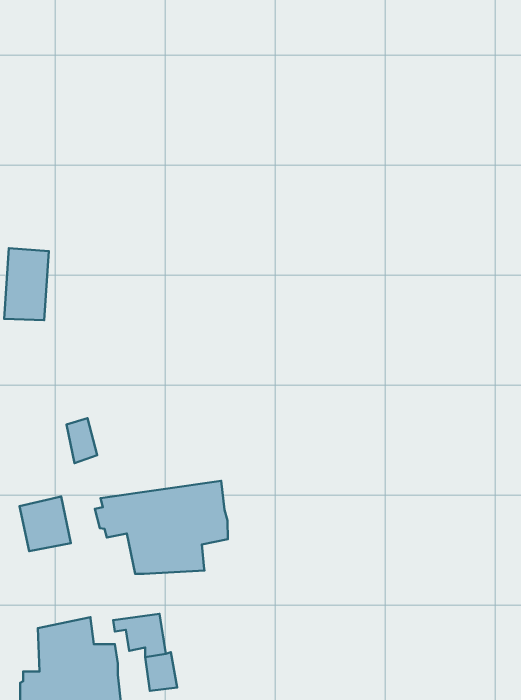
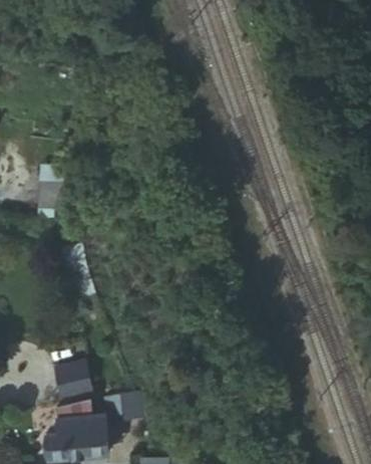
building: [95,481,228,574] -> none
building: [20,497,71,551] -> [54,364,86,398]

